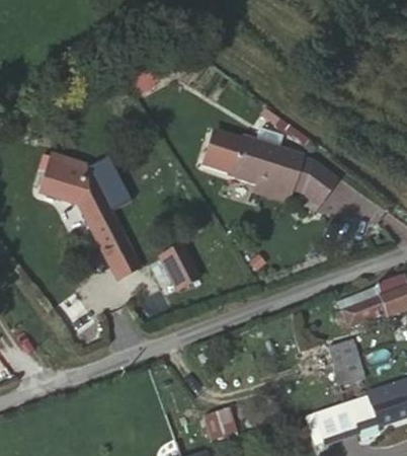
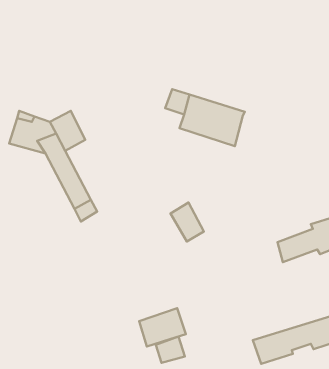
building: [294,161,334,203] -> none
building: [160,245,197,289] -> [170,203,204,242]
building: [329,338,364,384] -> none
building: none -> [139,308,186,347]

